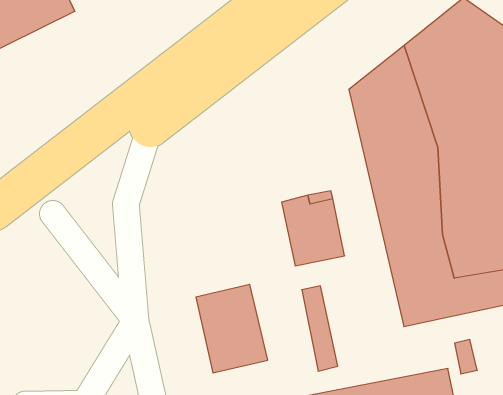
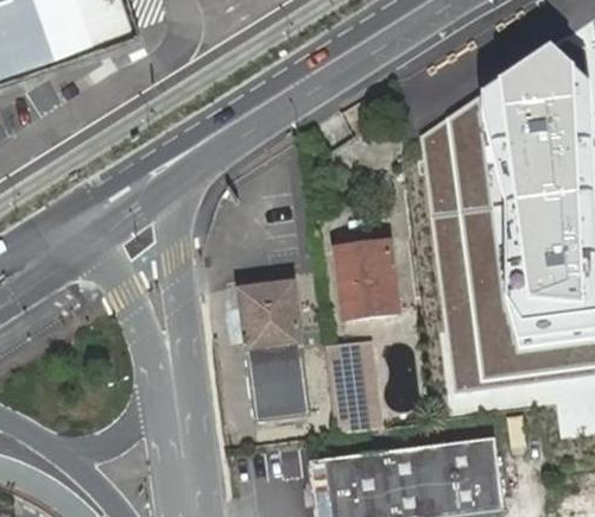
building: none -> [233,280,298,340]
building: none -> [328,342,362,433]

